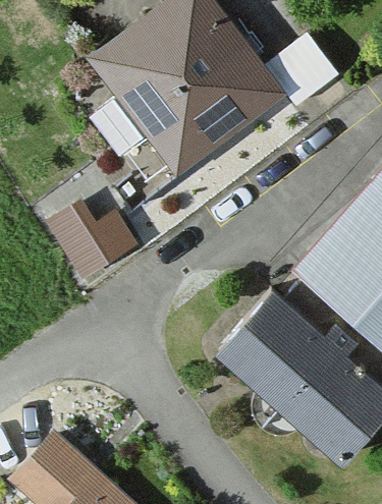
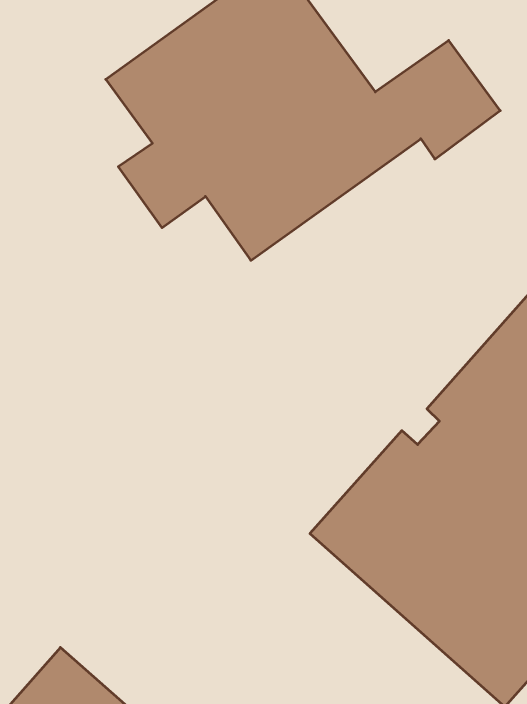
building: [57,180,140,266] -> none

